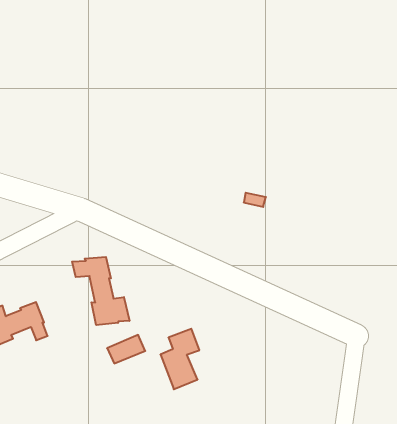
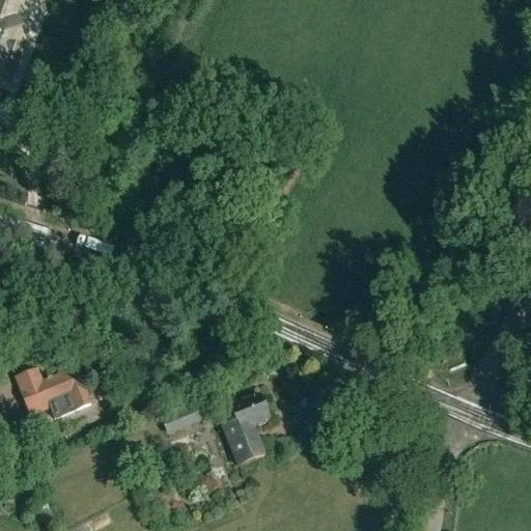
building: [72,257,129,325] -> none

